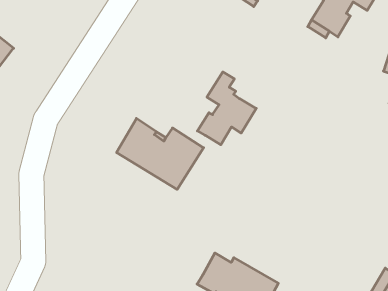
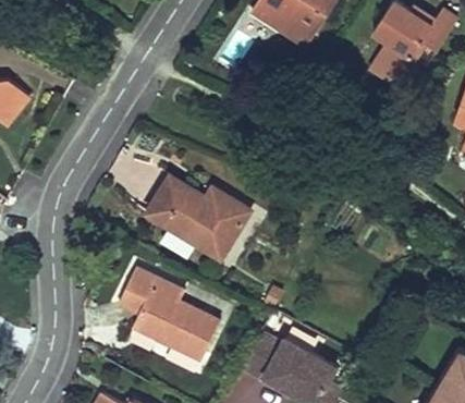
building: [197,72,256,145] -> none
building: none -> [118,268,219,358]

